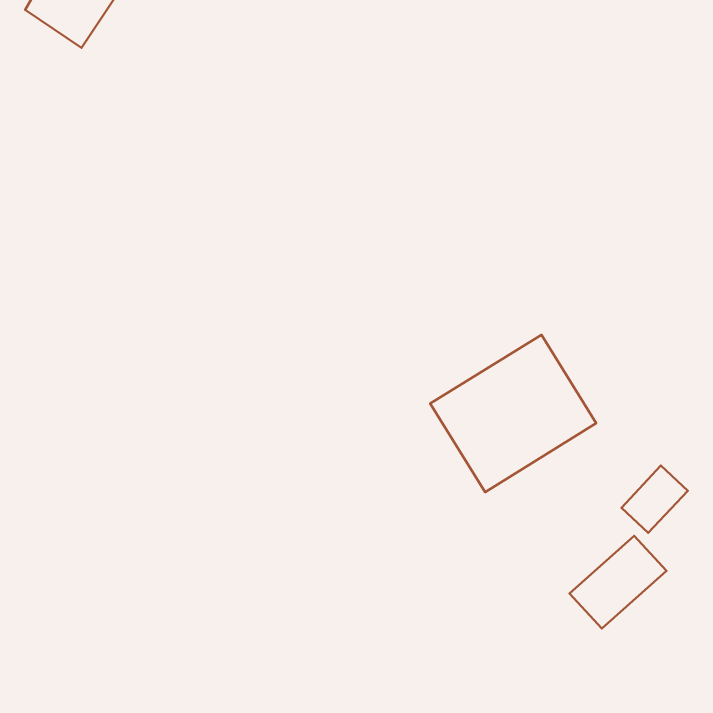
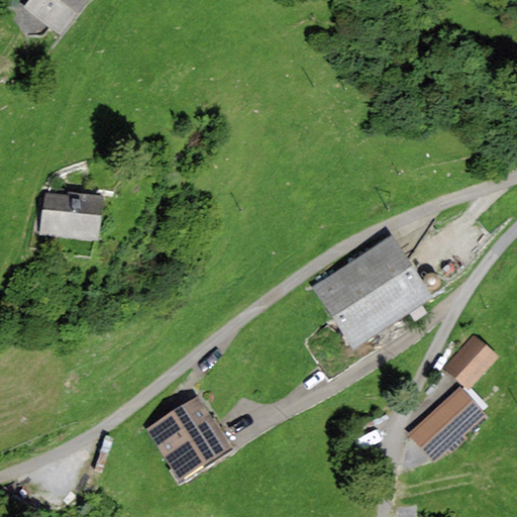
building: none -> [40,189,100,239]
building: none -> [147,395,227,473]

